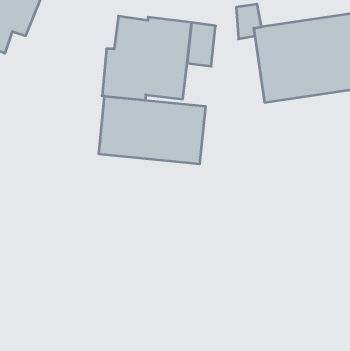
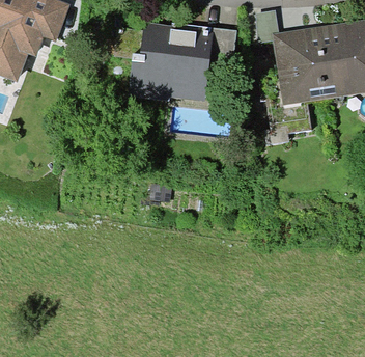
building: [99,96,205,164] -> none

